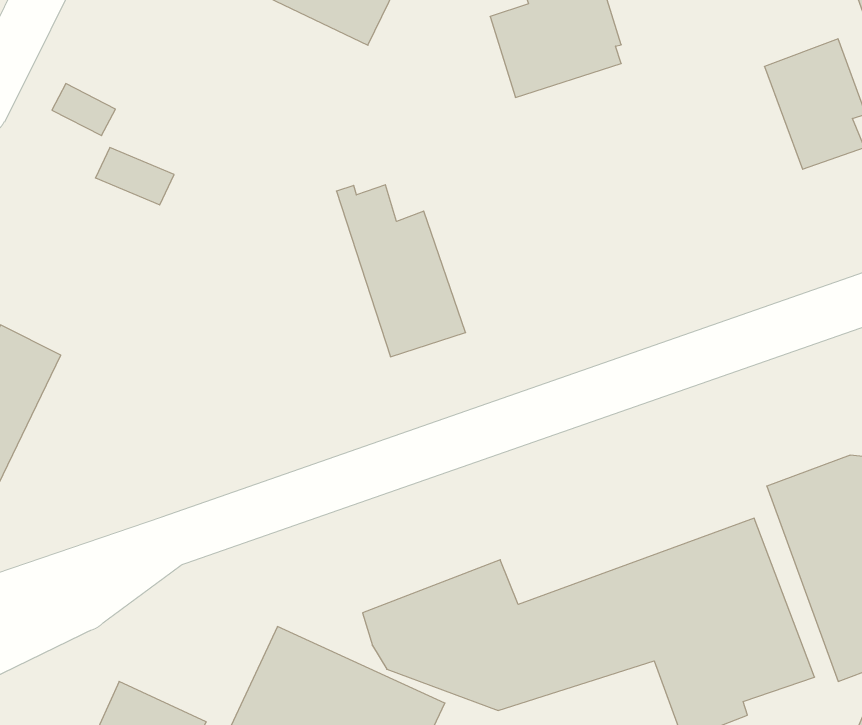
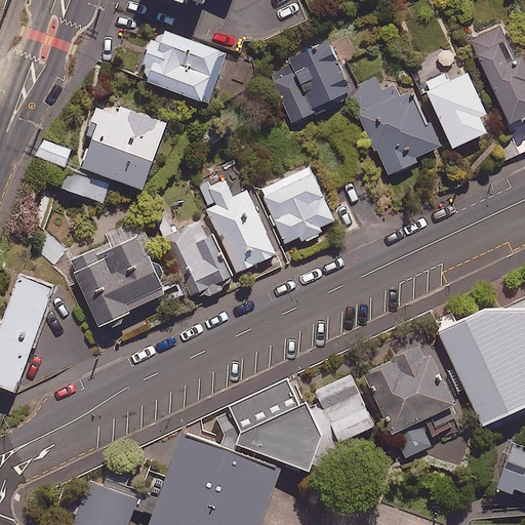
building: none -> [347,77,436,173]
building: none -> [81,107,168,190]
building: none -> [258,165,333,243]
building: none -> [63,219,167,329]
building: none -> [167,221,231,296]

